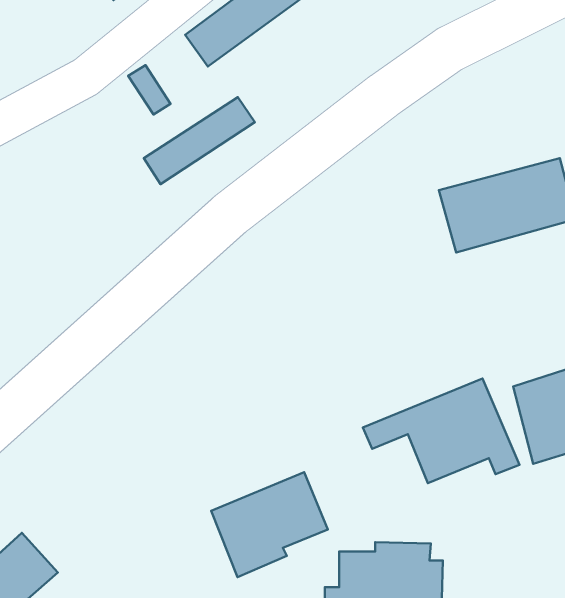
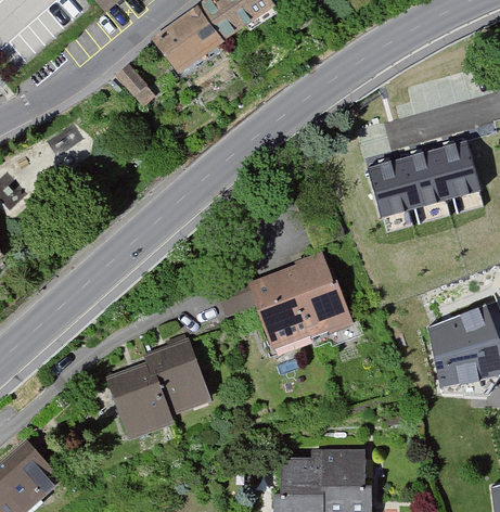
building: [144,97,255,184] -> none
building: [363,378,520,483] -> [223,256,351,342]
building: [211,472,328,577] -> [111,347,206,433]

